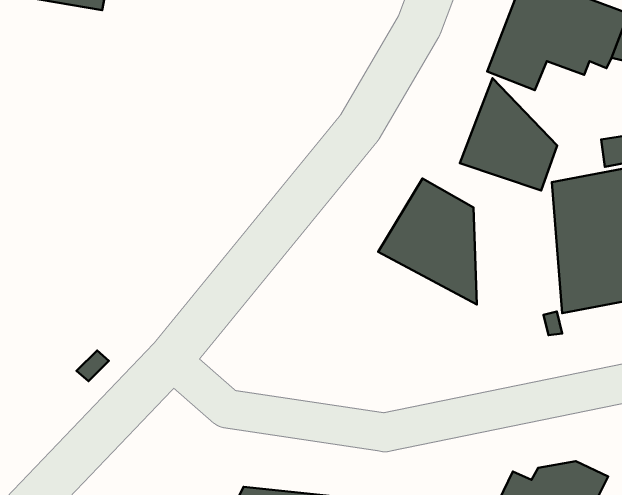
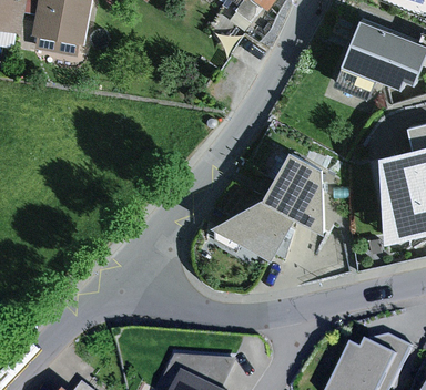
building: [460,78,557,190] -> none
building: none -> [207,201,296,261]

